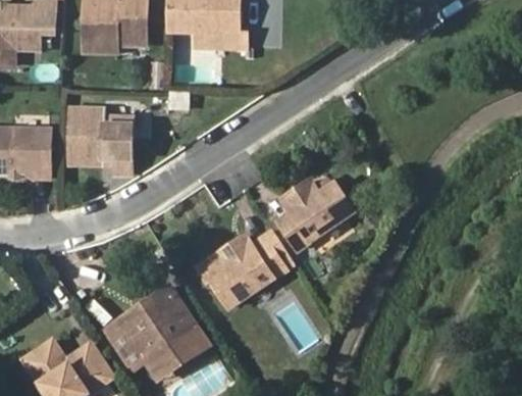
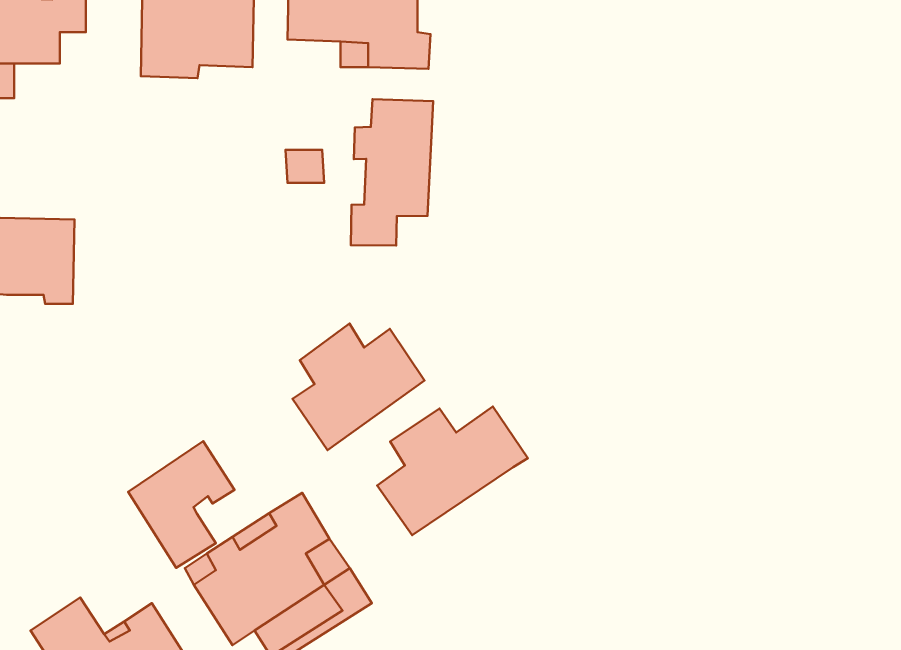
building: none -> [351,99,433,245]
building: [69,109,129,167] -> none
building: [284,178,358,248] -> [293,323,425,450]
building: none -> [128,441,235,568]

